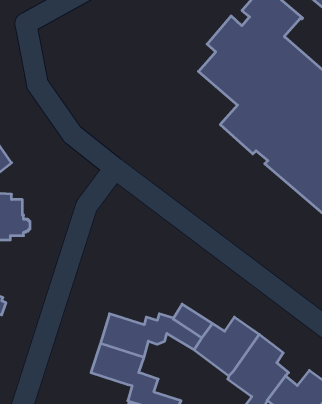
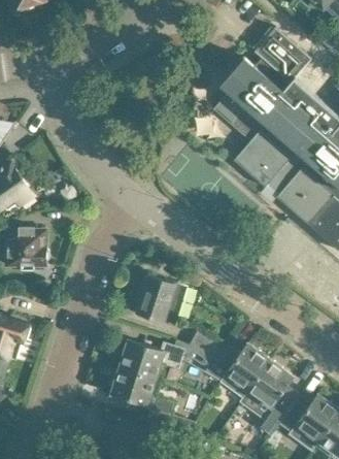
building: none -> [137,275,189,326]

